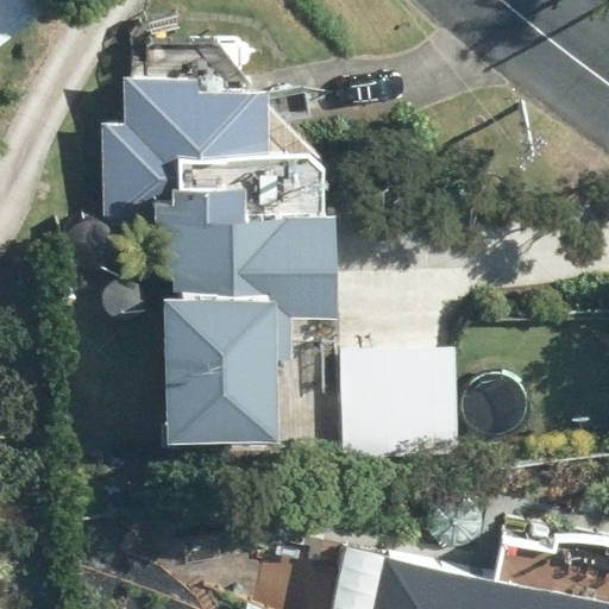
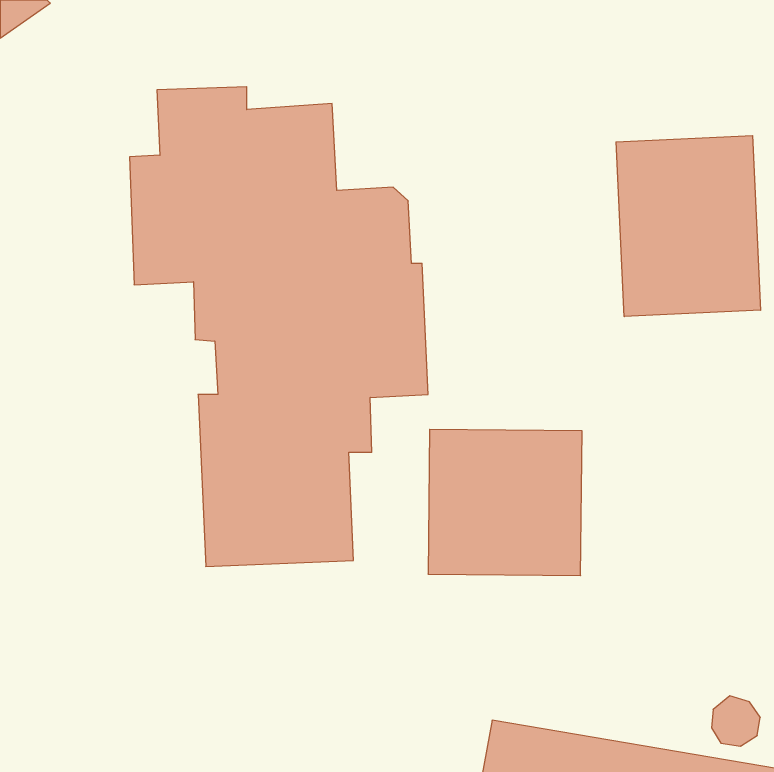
building: none -> [616,136,761,317]

